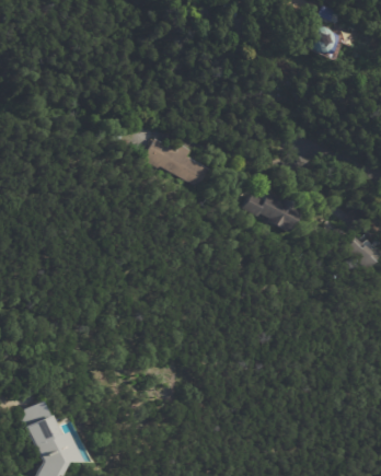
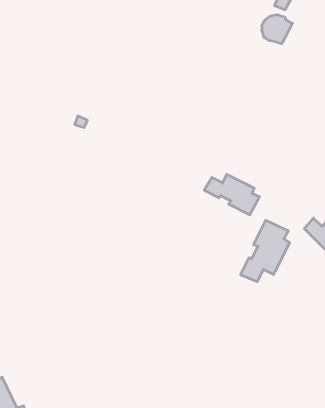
building: [149,141,213,188] -> none
building: none -> [241,220,290,282]

